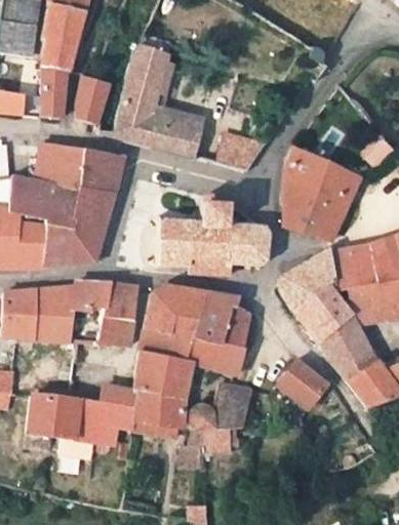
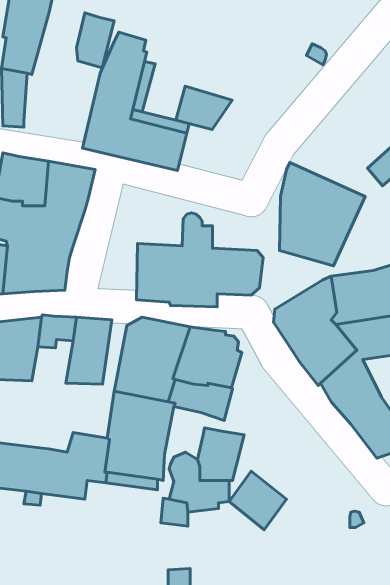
building: [75,76,108,124] -> [77,13,114,68]
building: [217,132,267,170] -> [176,86,232,130]
building: [278,358,328,409] -> [229,471,286,530]

